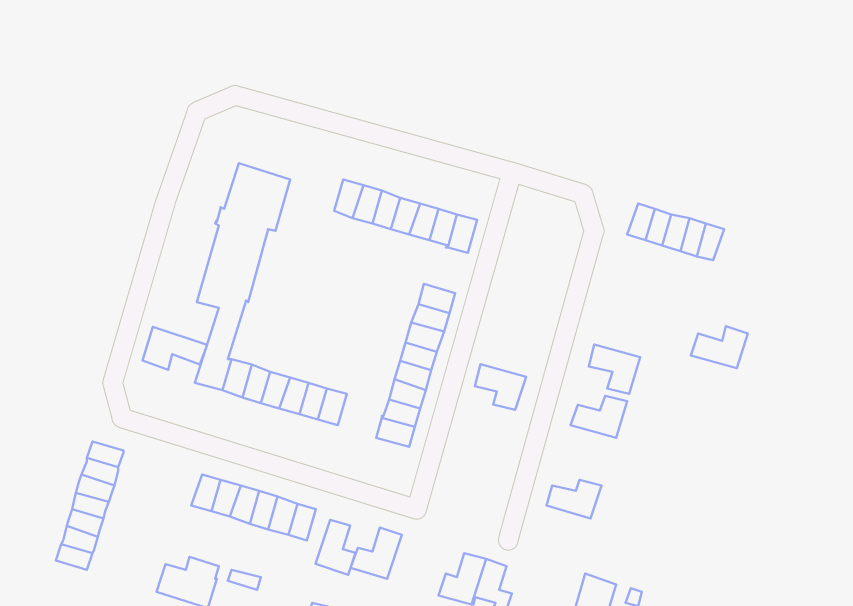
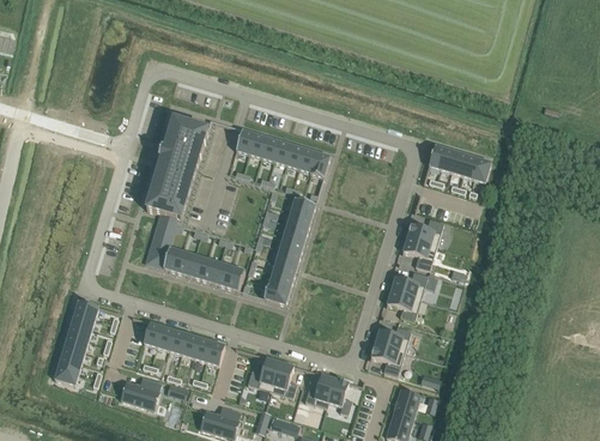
building: [691,326,748,368] -> [406,217,443,244]
building: [142,327,207,370] -> none
building: [475,364,526,410] -> [387,289,420,319]
building: none -> [370,342,404,374]
building: [315,520,356,575] -> [271,361,297,397]

